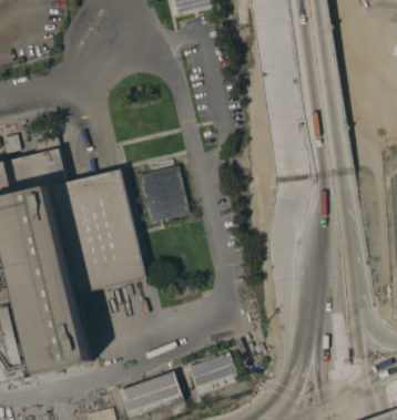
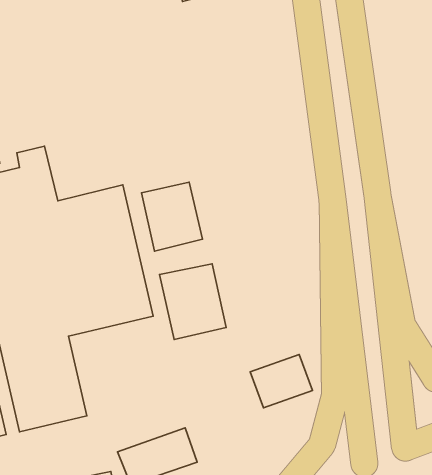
building: none -> [160,264,226,339]
building: [184,352,236,397] -> [250,355,312,408]

